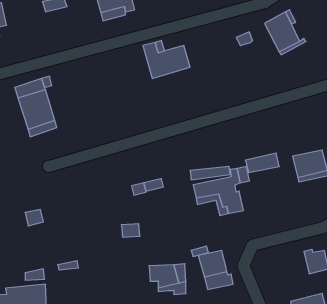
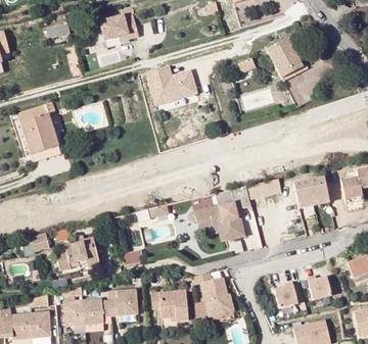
building: none -> [53,240,96,272]
building: none -> [273,281,296,307]
building: none -> [62,288,139,326]

